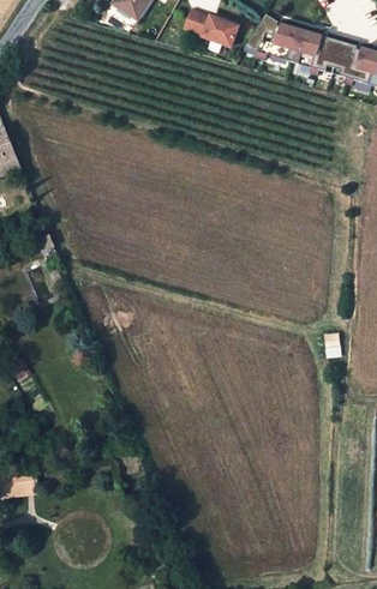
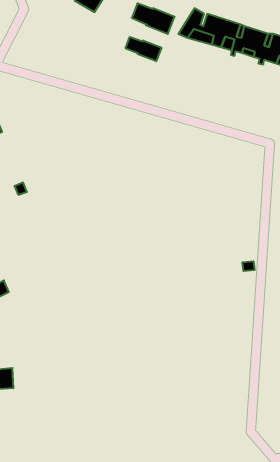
building: none -> [126,37,161,61]

